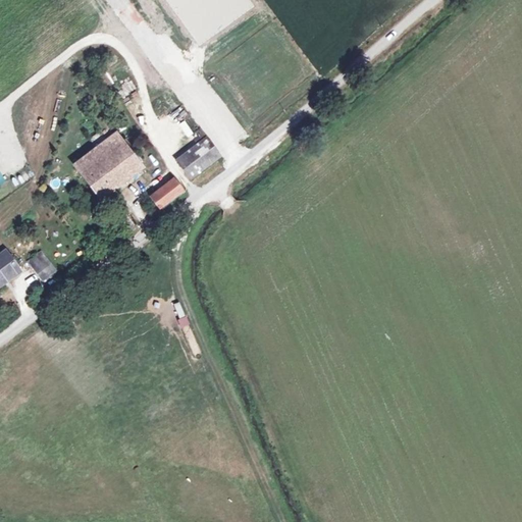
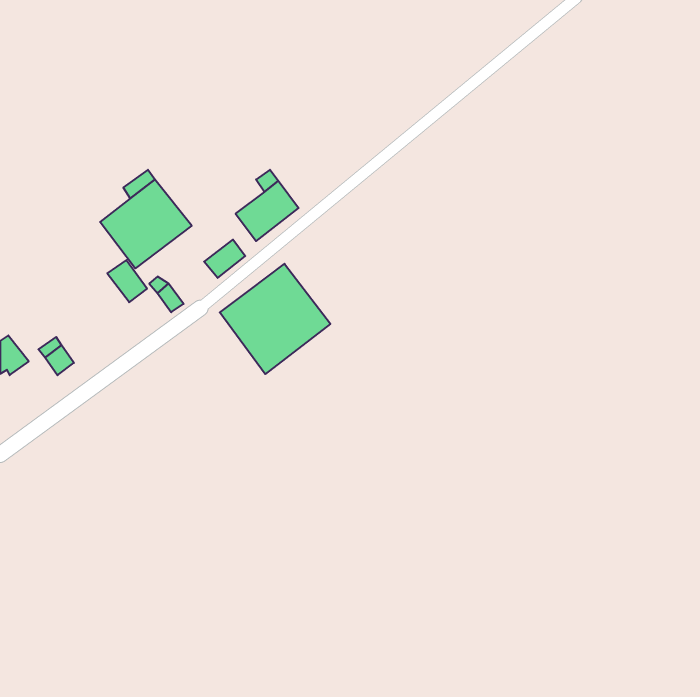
building: none -> [107,260,147,302]
building: none -> [220,264,330,374]

